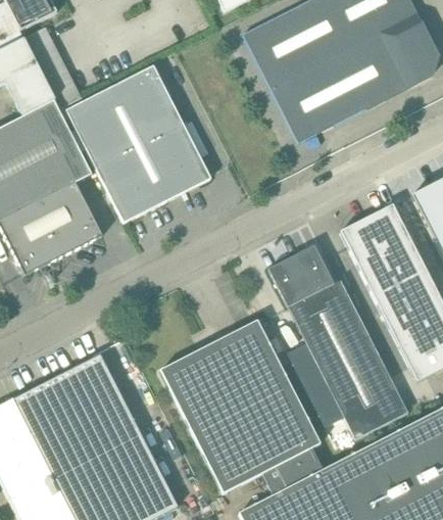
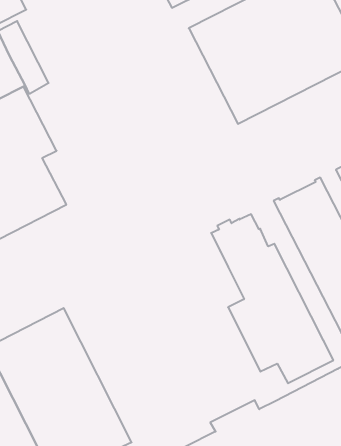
building: [66,65,211,223] -> none
building: [160,320,321,493] -> none

